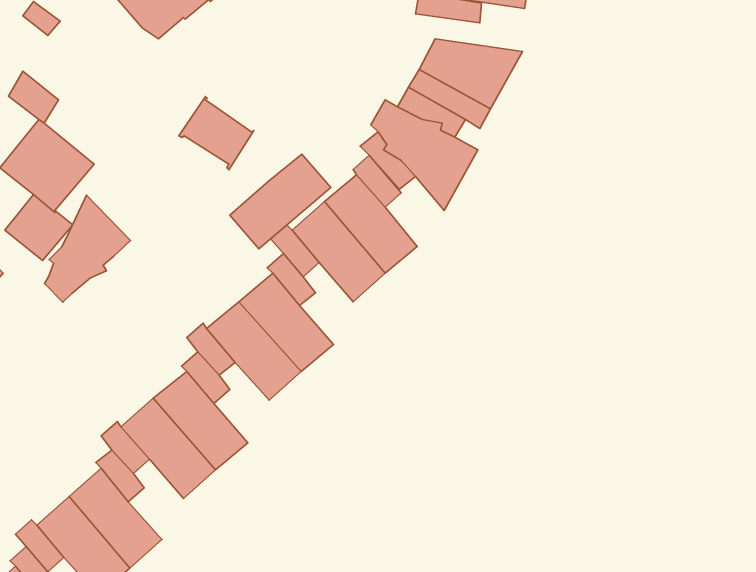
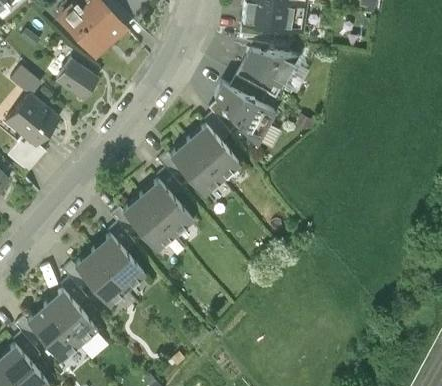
building: [179,96,254,170] -> [56,59,98,100]
building: [230,154,331,249] -> none
building: [45,195,131,302] -> none

